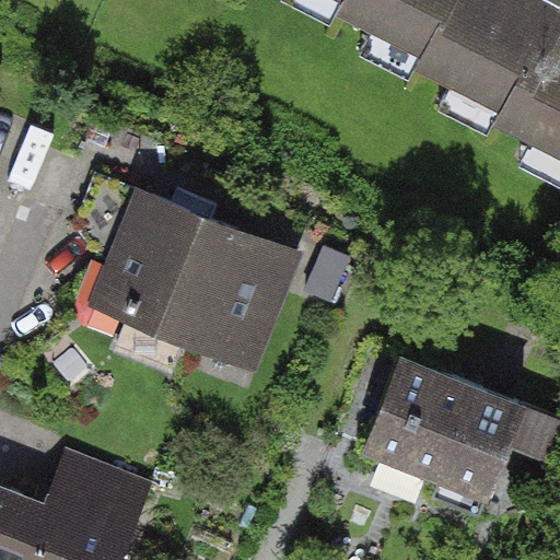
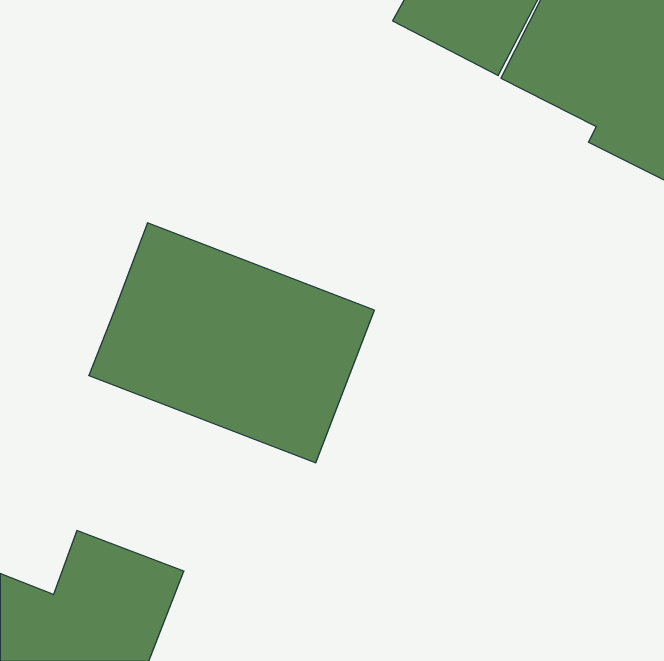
building: [351,353,549,523] -> none

